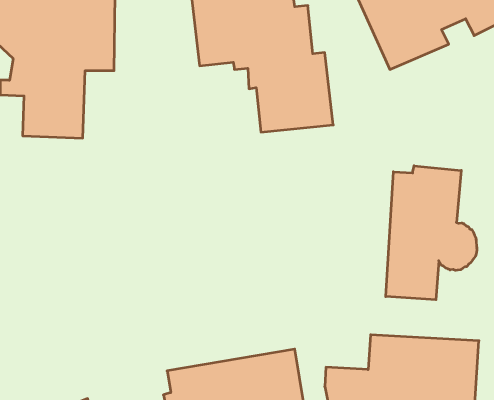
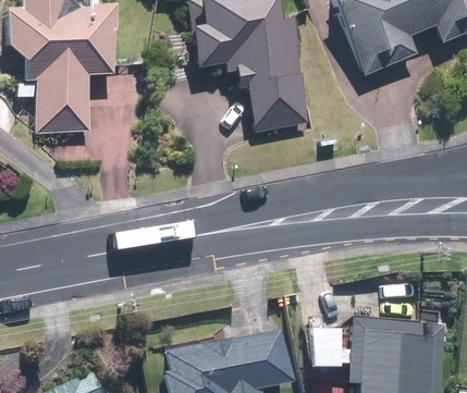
building: [386,166,477,300] -> none

